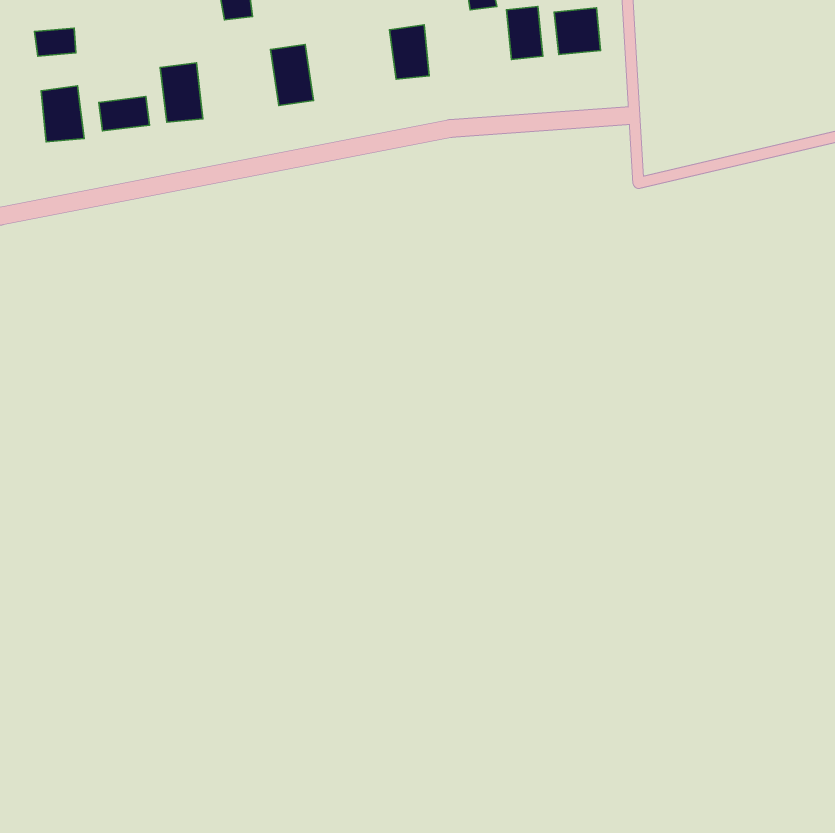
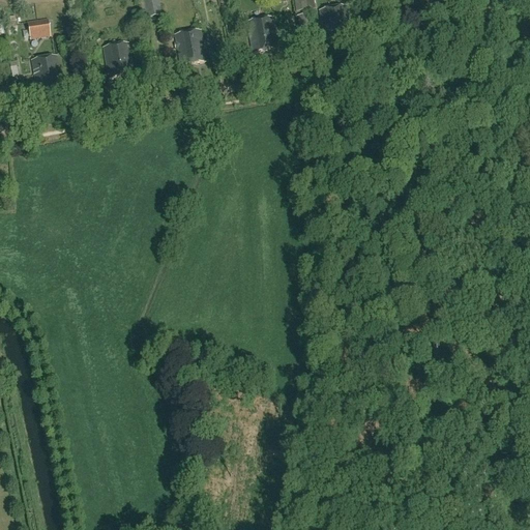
building: [554,8,600,54] -> none
building: [99,96,150,131] -> none

